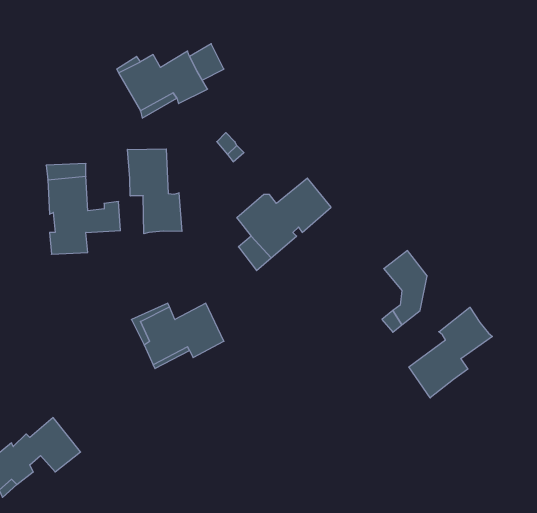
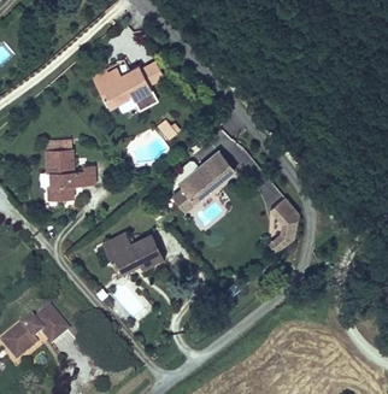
building: [127,149,182,234] -> none
building: [409,307,492,398] -> none

